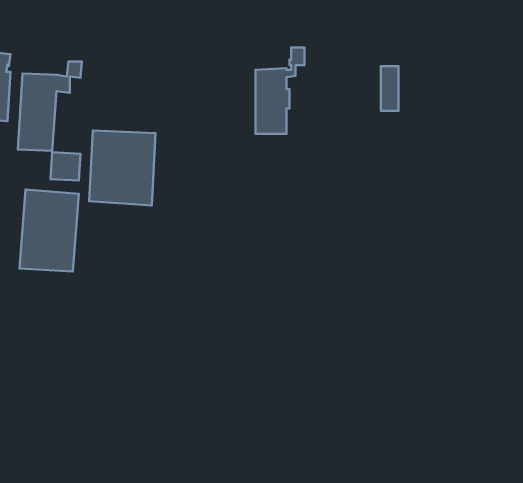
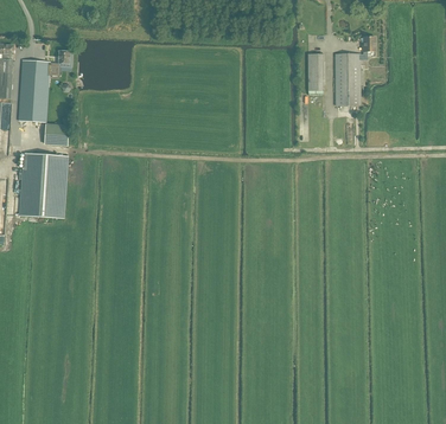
building: [255,47,304,134] -> [334,36,374,104]
building: [89,130,156,205] -> none

